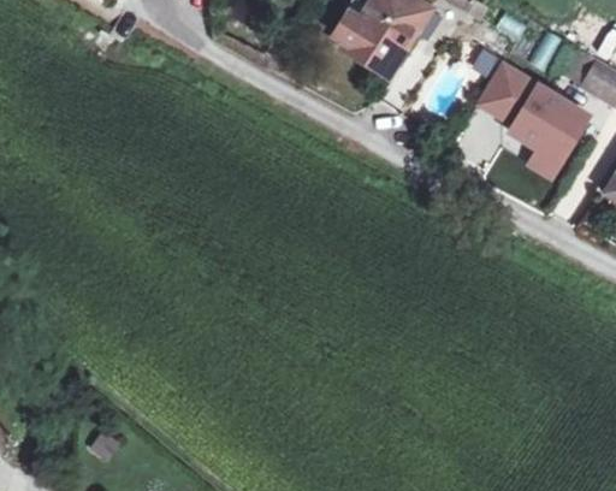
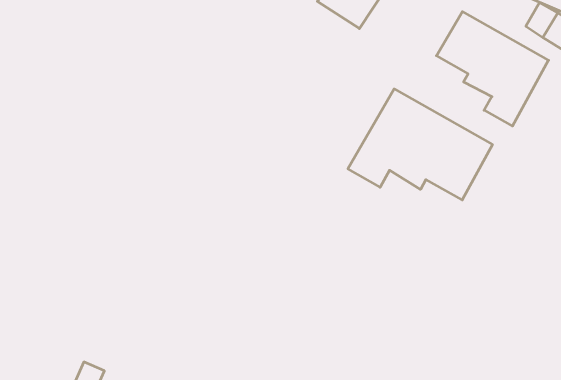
building: none -> [348,89,492,200]

